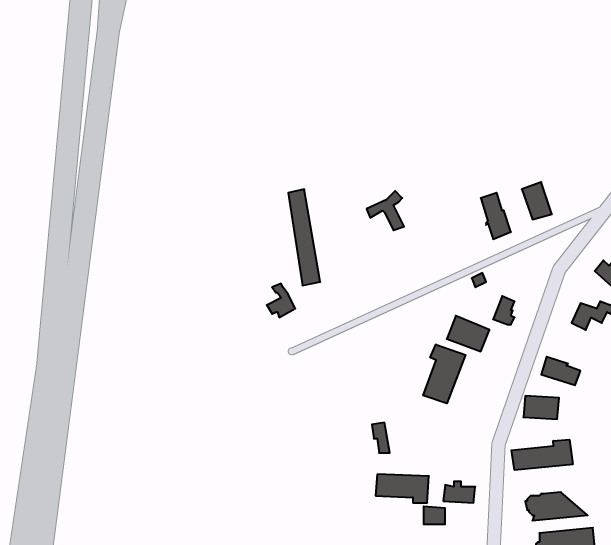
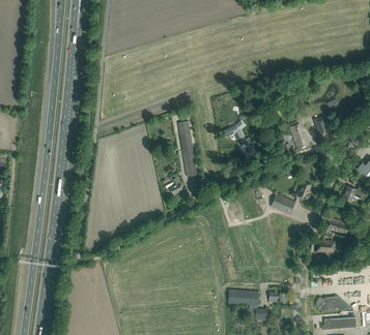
building: [423,344,466,403] -> none
building: [511,440,573,470] -> none

